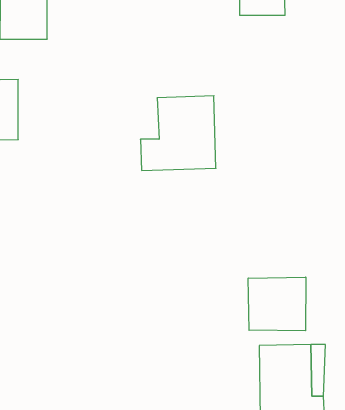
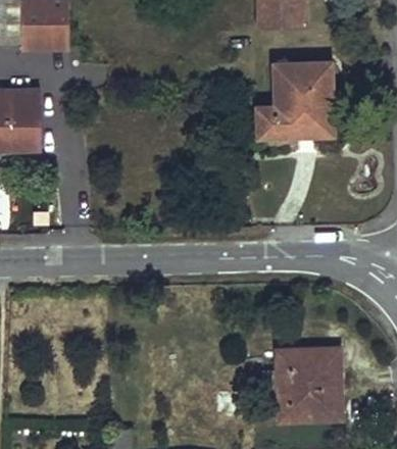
building: [140,96,216,170] -> [258,64,333,138]
building: [248,277,306,331] -> none

